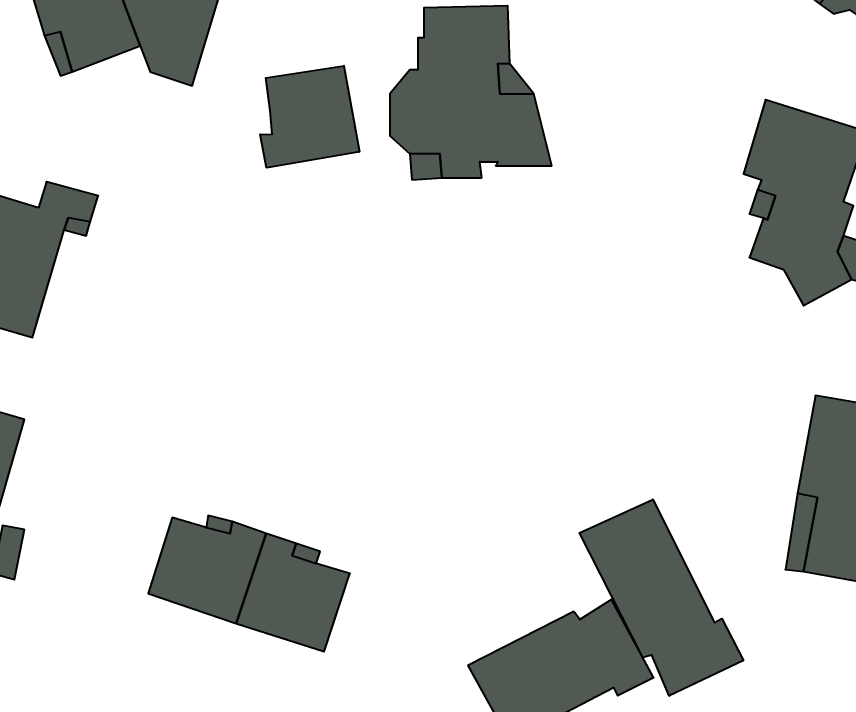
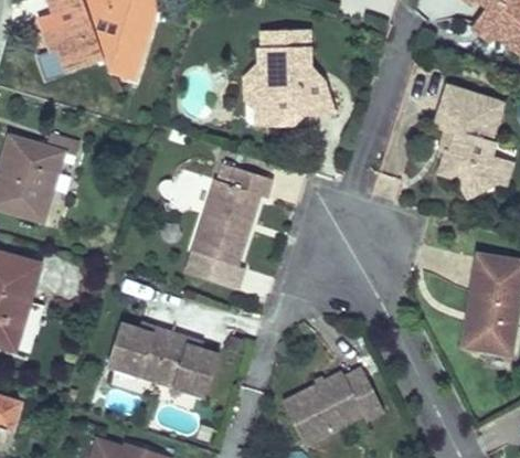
building: [260,66,359,168] -> none
building: none -> [187,172,270,287]
building: [579,499,743,696] -> none

